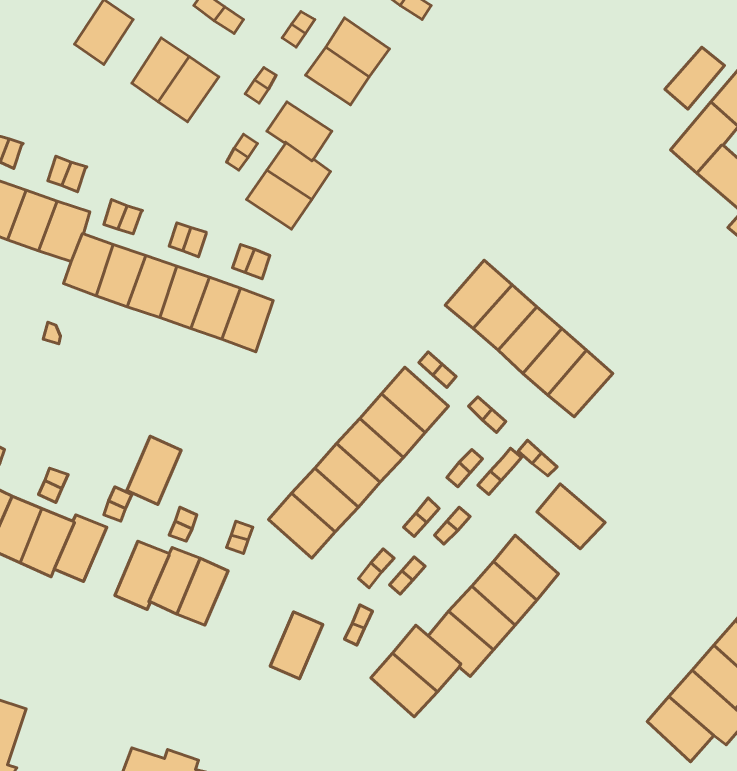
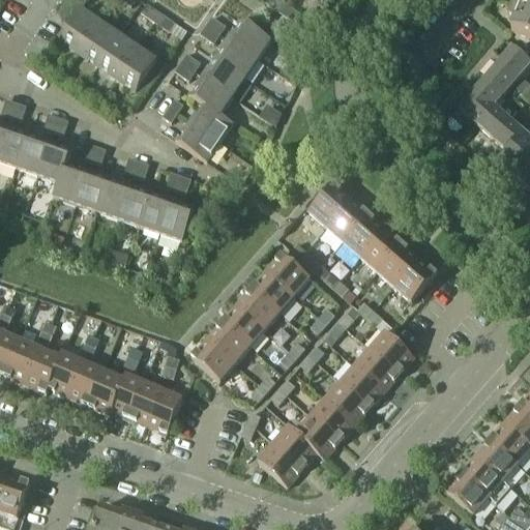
building: none -> [81,20,119,62]
building: [665,47,725,109] -> none
building: none -> [203,57,245,94]
building: none -> [394,256,437,300]
building: [127,436,181,504] -> [67,358,104,404]
building: none -> [355,348,399,389]
building: [270,612,323,679] -> [148,387,183,432]

